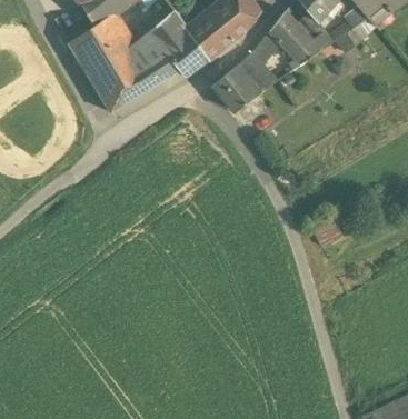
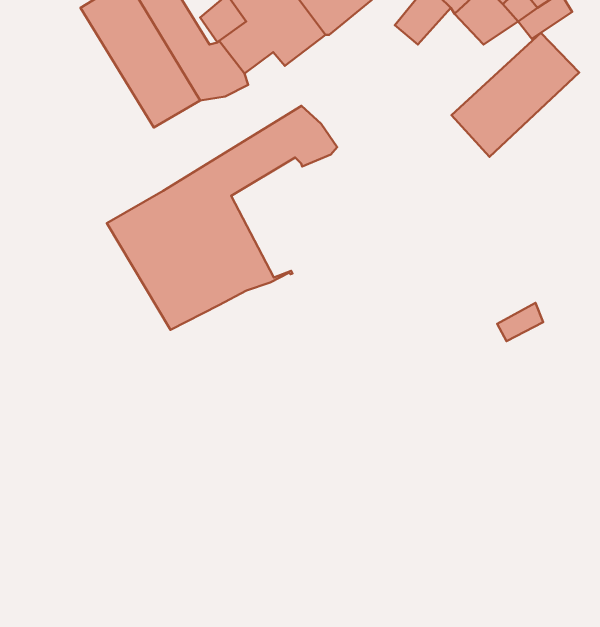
building: none -> [451,33,579,157]
building: [211,60,259,111] -> none
building: none -> [107,106,337,330]

